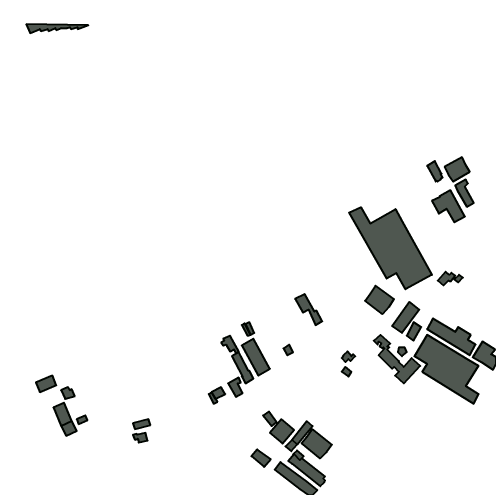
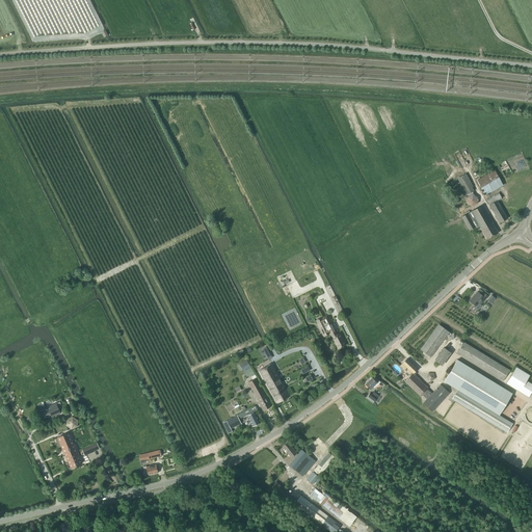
building: [349,207,432,289] -> none
building: [365,286,394,314] -> none
building: [302,429,332,458] -> none

